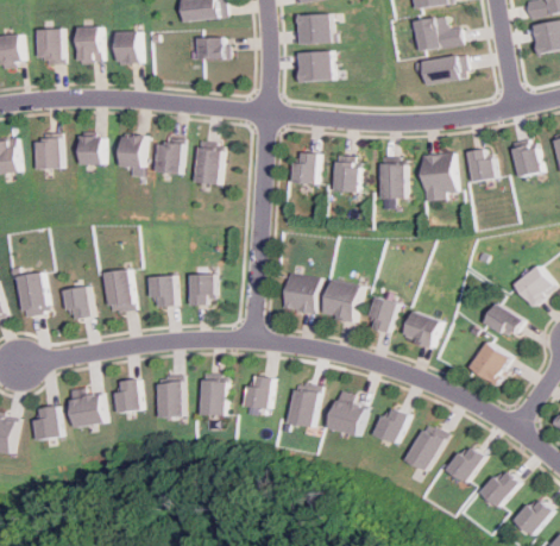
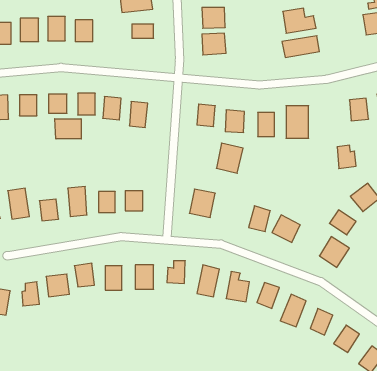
building: [461,148,489,181] -> [337,145,356,169]
building: none -> [55,119,81,139]
building: [317,278,355,321] -> [216,143,243,173]

